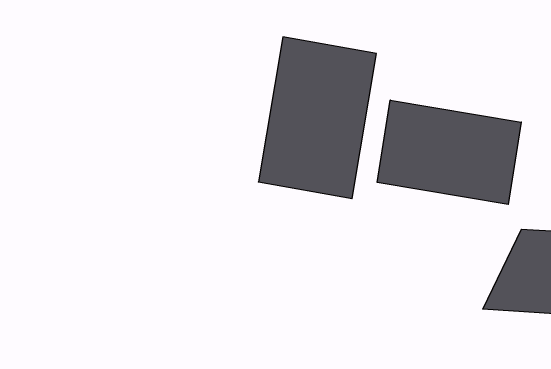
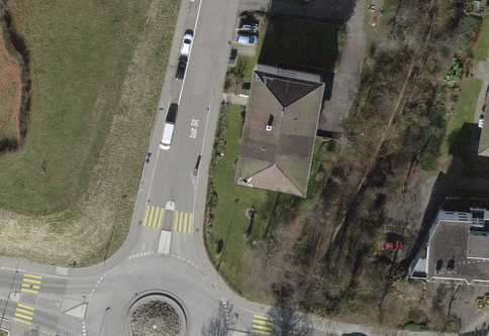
building: [377,100,521,204] -> none

